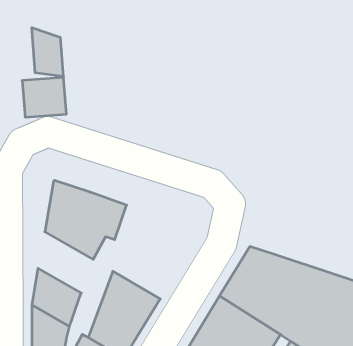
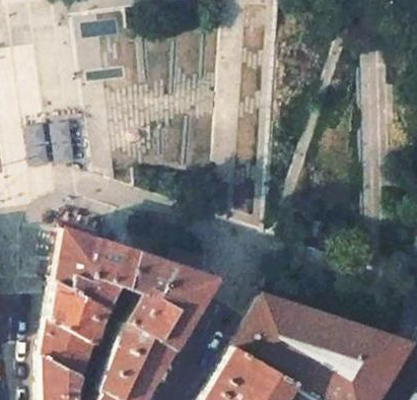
building: [32,28,63,76] -> none
building: none -> [127,252,218,348]
building: none -> [50,279,107,342]

